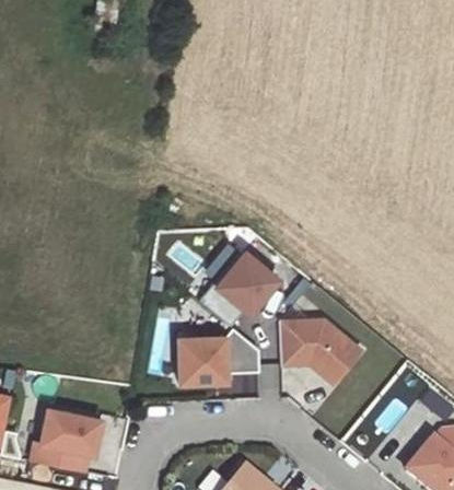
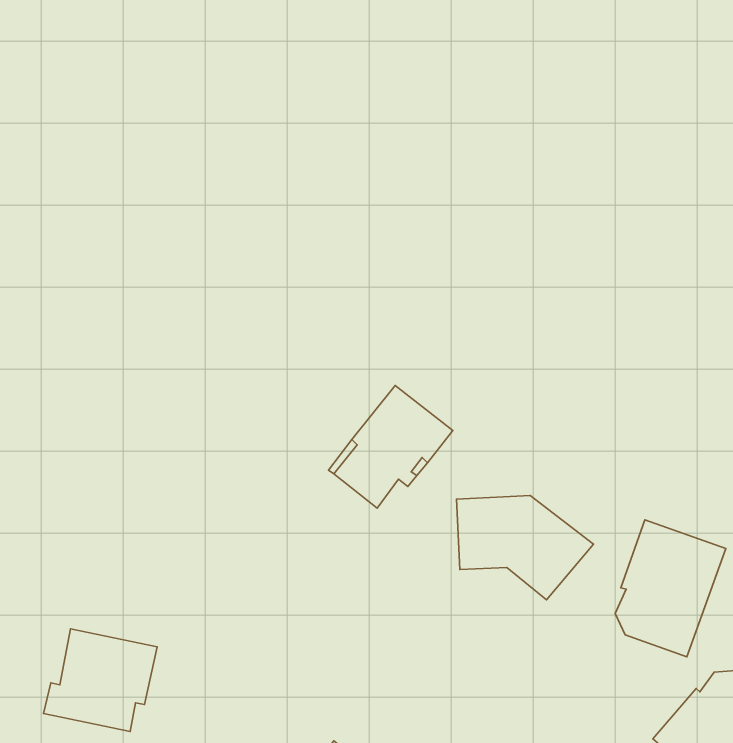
building: [182,331,264,387] -> none
building: none -> [615,520,726,657]

